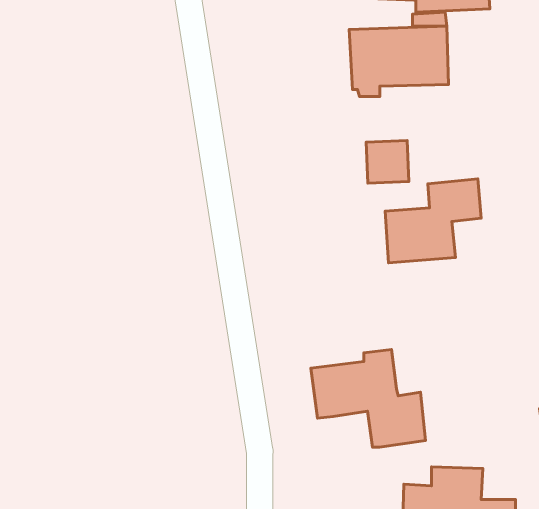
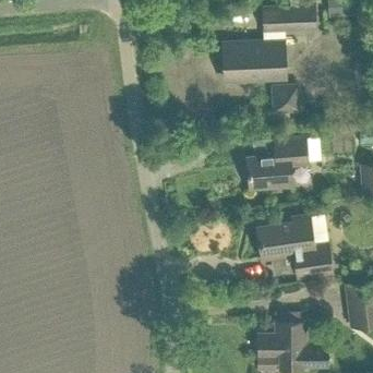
building: [366,140,409,183] -> [273,85,300,112]
building: [311,349,426,447] -> [258,216,332,278]

